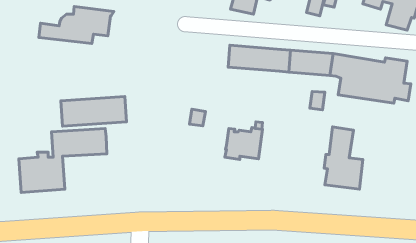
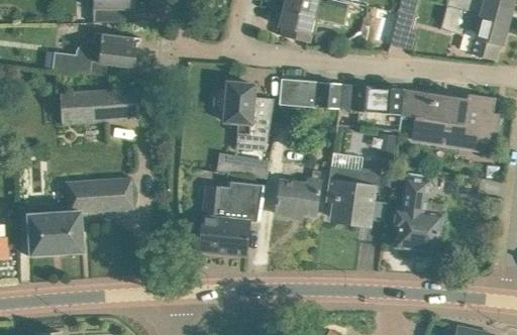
building: none -> [212,80,269,150]
building: [61,97,127,126] -> [60,88,138,123]
building: none -> [325,152,380,227]
building: none -> [198,181,264,256]

